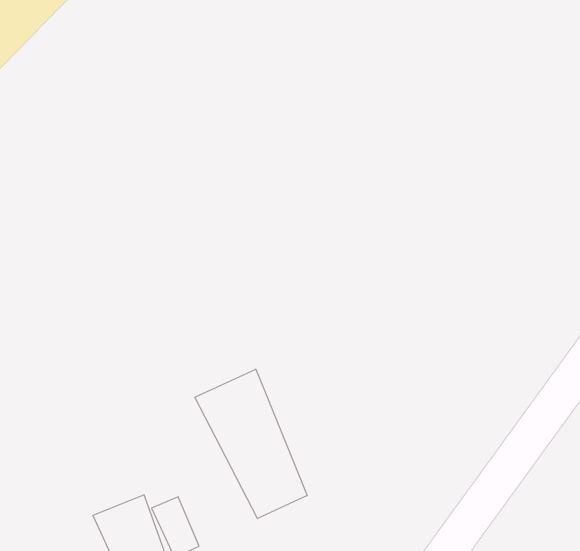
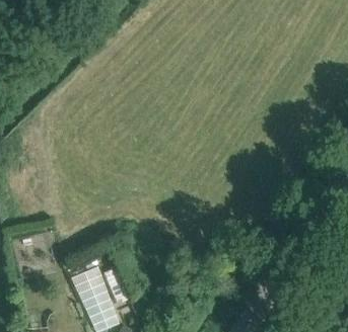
building: [195,369,307,519] -> none

